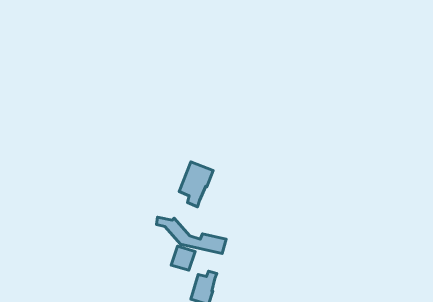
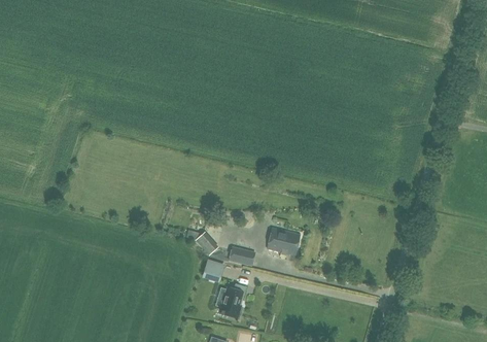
building: [179,162,213,207] -> none
building: none -> [268,229,299,254]

